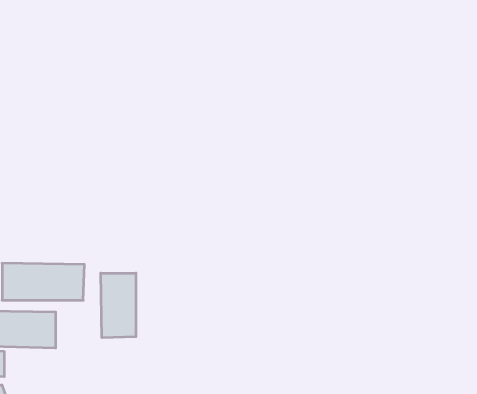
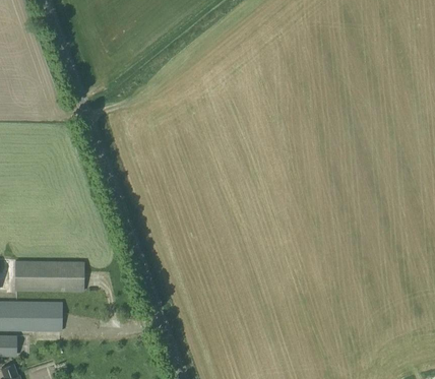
building: [101,273,136,338] -> none

